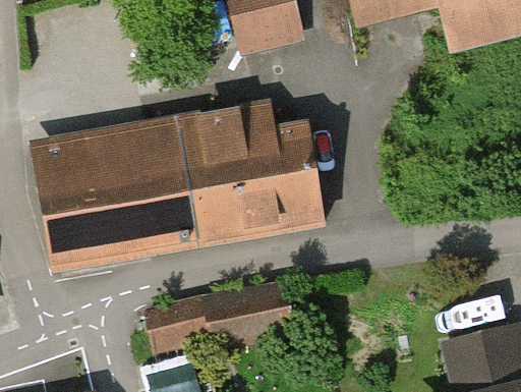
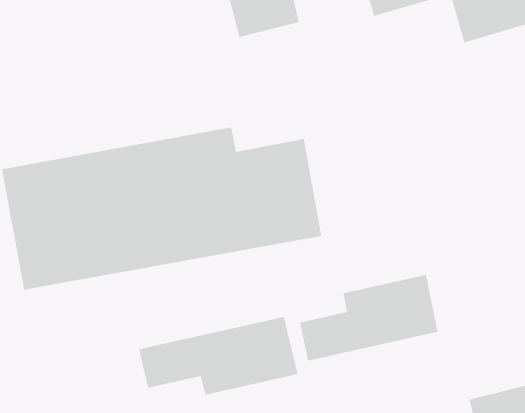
building: none -> [299,274,438,361]

